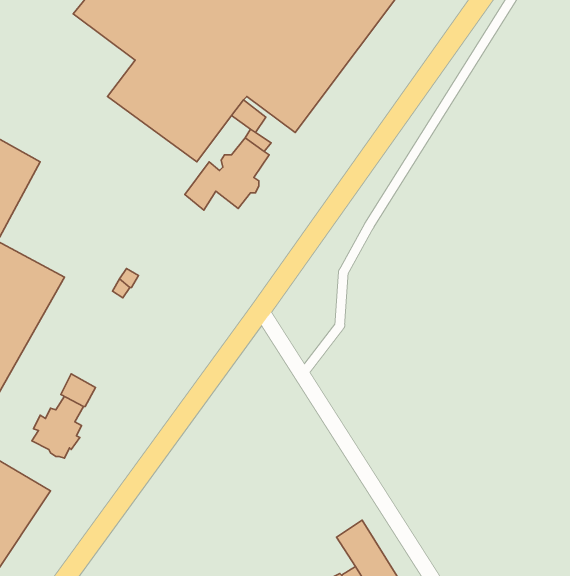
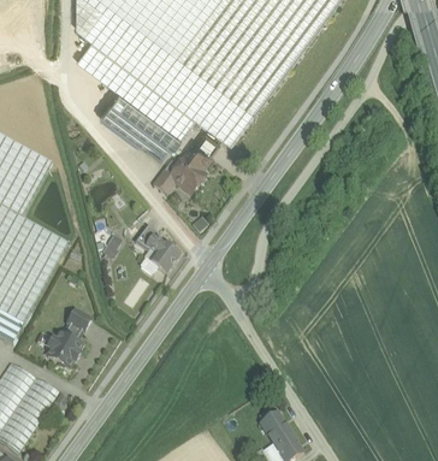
building: none -> [136,226,182,274]

